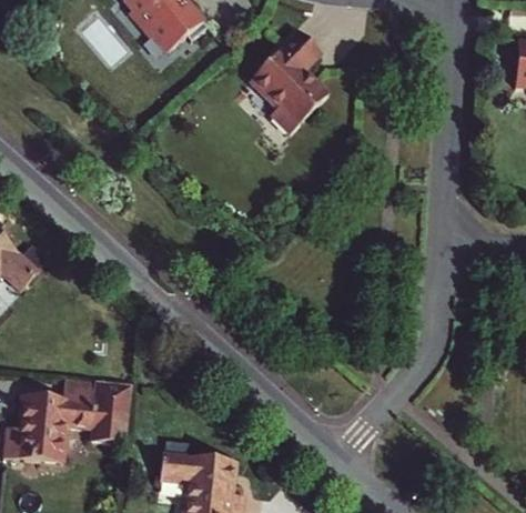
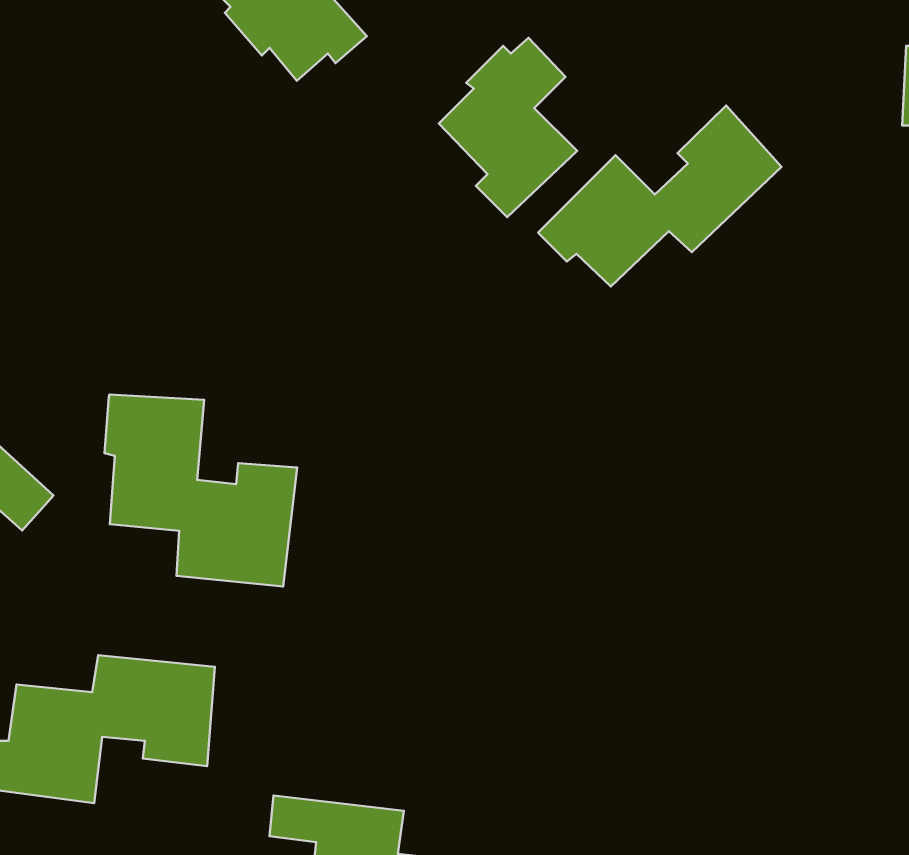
building: none -> [538,105,782,287]
building: none -> [104,394,297,587]

